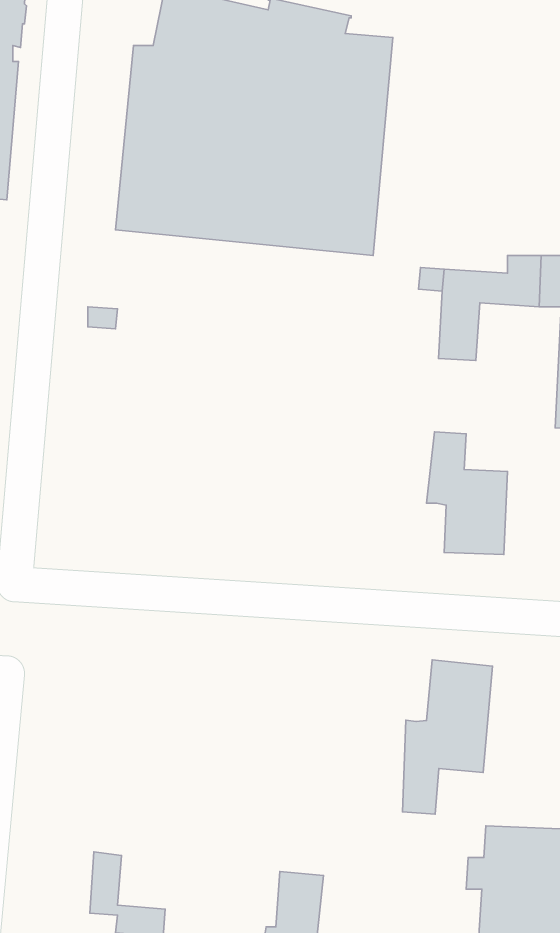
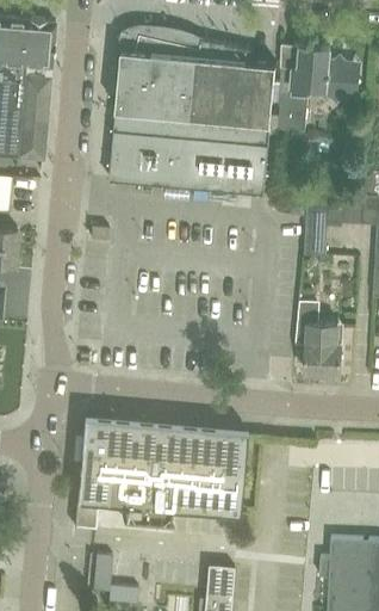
building: none -> [279,47,362,136]
building: none -> [74,415,247,530]
building: [403,660,493,814] -> none

